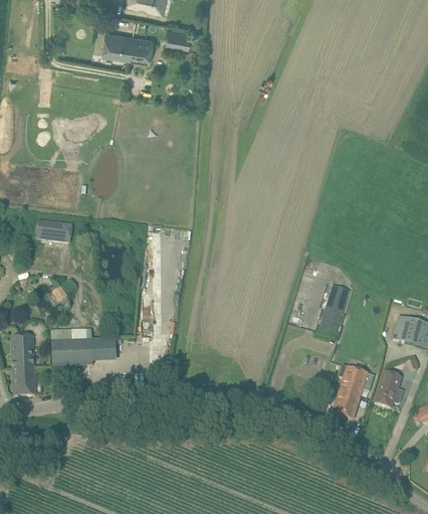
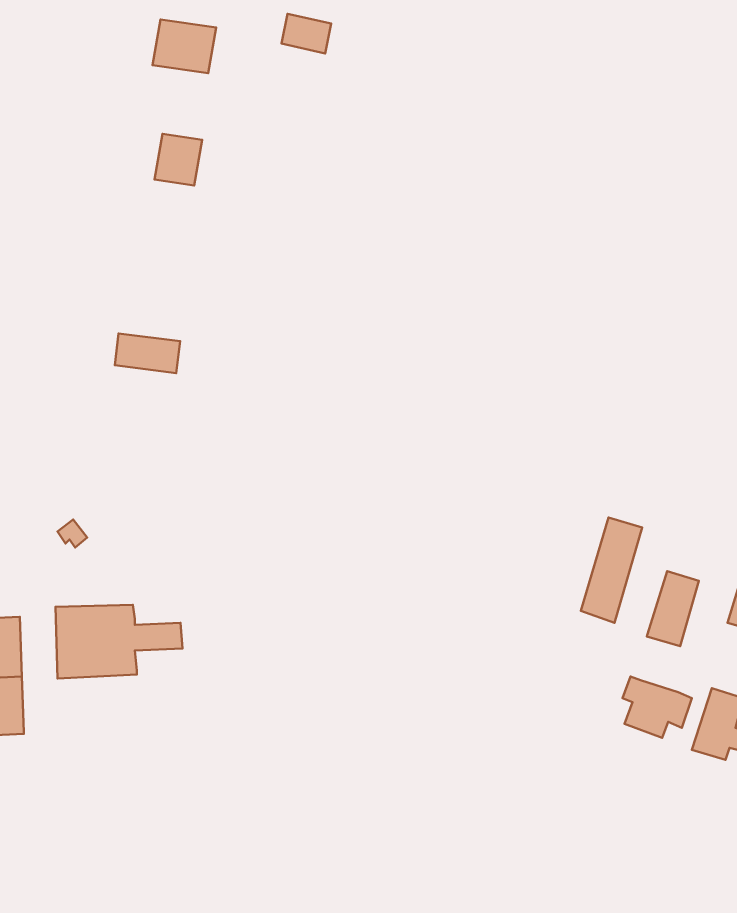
building: [130,35,154,61] -> [155,134,202,185]
building: [38,221,71,241] -> [115,333,180,373]
building: none -> [647,571,699,646]
building: [336,388,360,417] -> none

